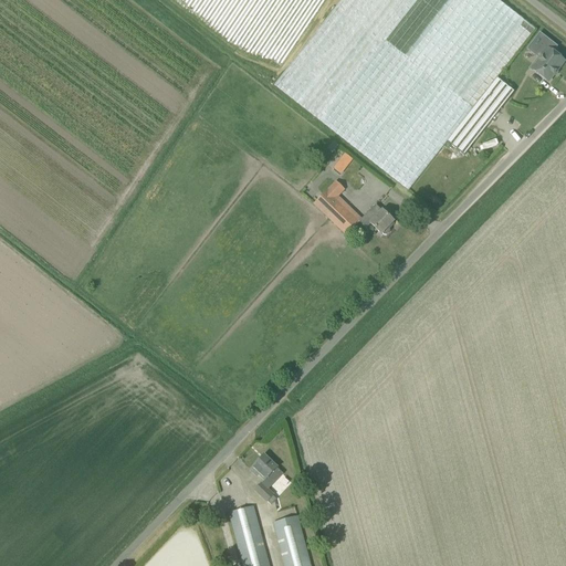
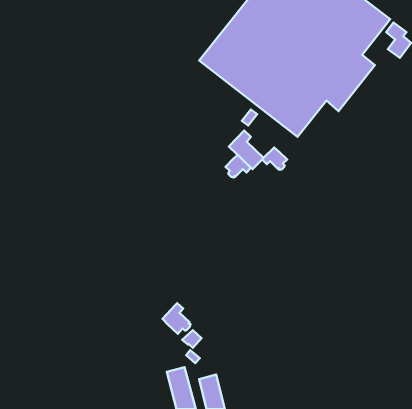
building: none -> [226,155,251,178]
building: none -> [163,303,190,334]

